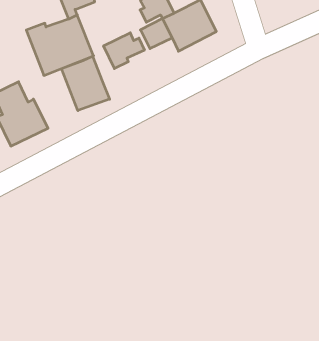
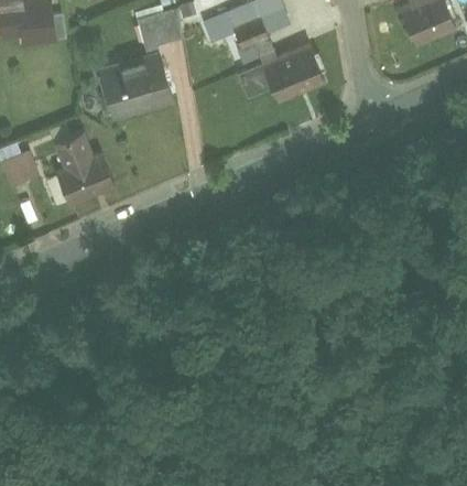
building: [104,33,144,69] -> none
building: [61,56,110,111] -> none

